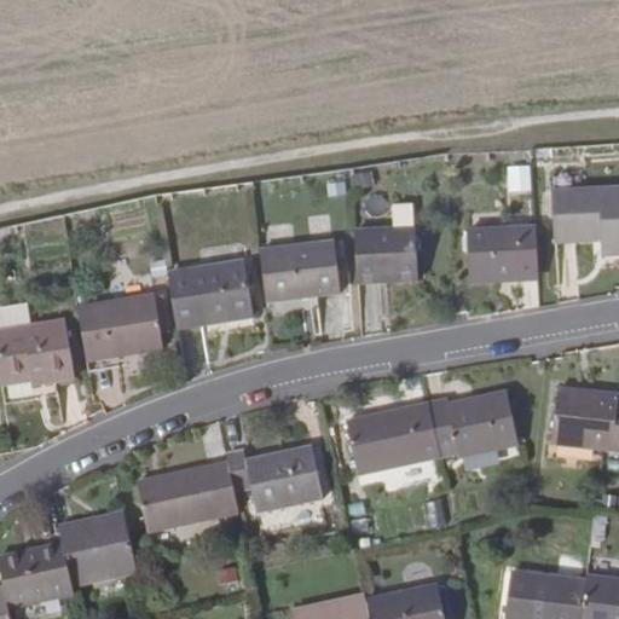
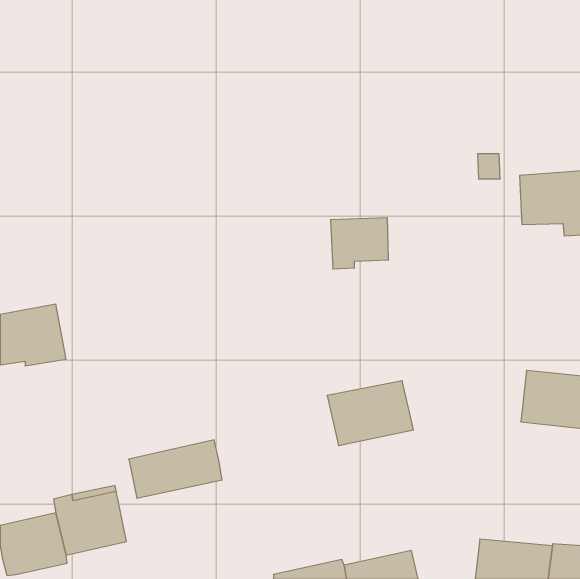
building: [468,230,536,284] -> none
building: [258,238,337,300] -> none
building: [166,262,249,328] -> none
building: [75,294,160,359] -> none
building: [429,391,517,458] -> none
building: [226,446,320,511] -> none

